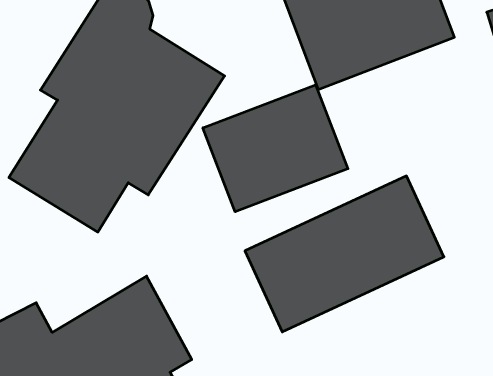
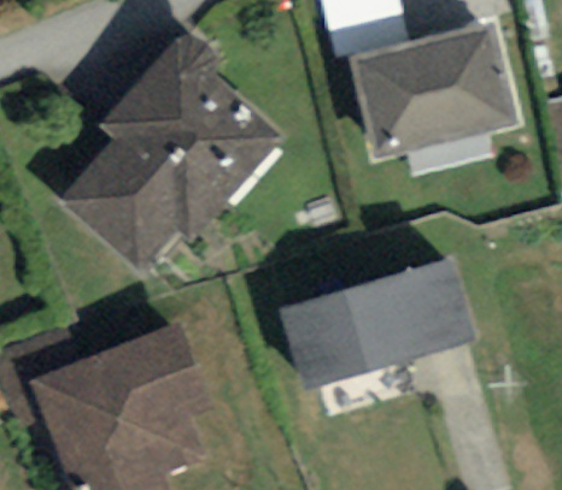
building: [203,85,348,212] -> none

